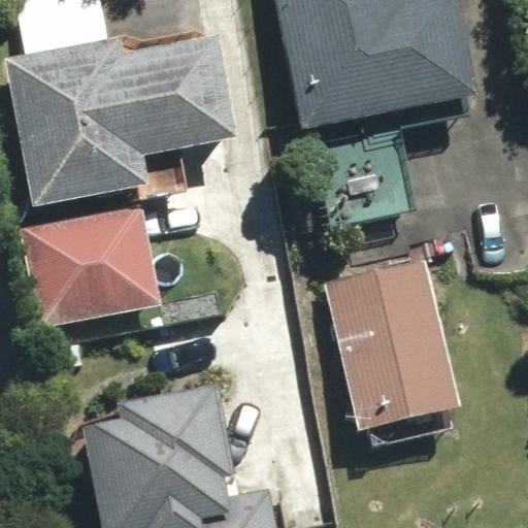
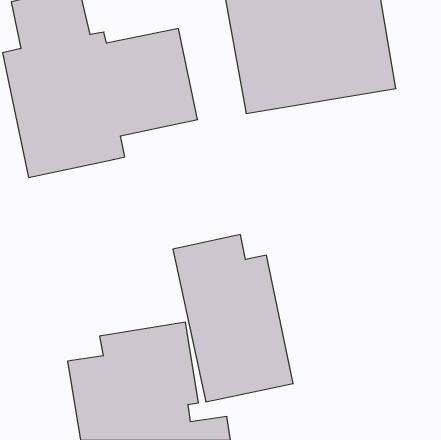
building: [18,190,161,326] -> none
building: [318,234,461,433] -> [173,235,293,402]

